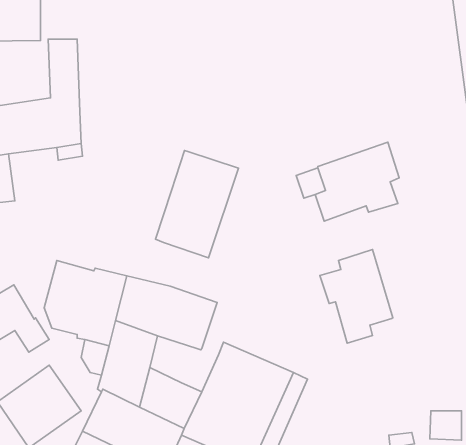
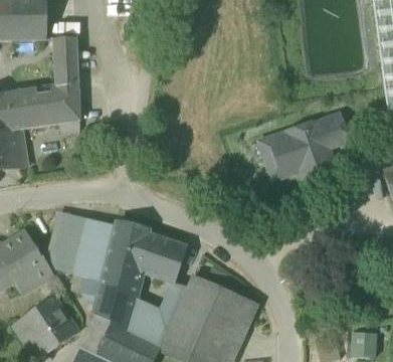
building: none -> [322,113,349,147]
building: [156,150,238,258] -> none
building: [320,250,393,343] -> none
building: none -> [159,282,188,316]

